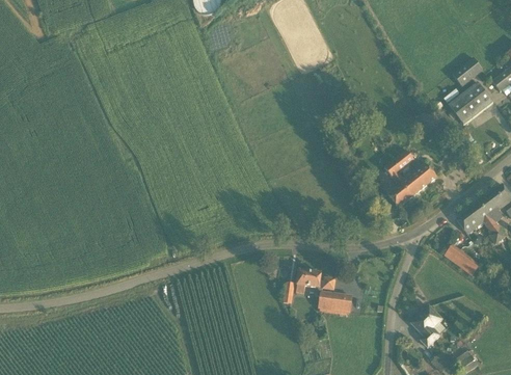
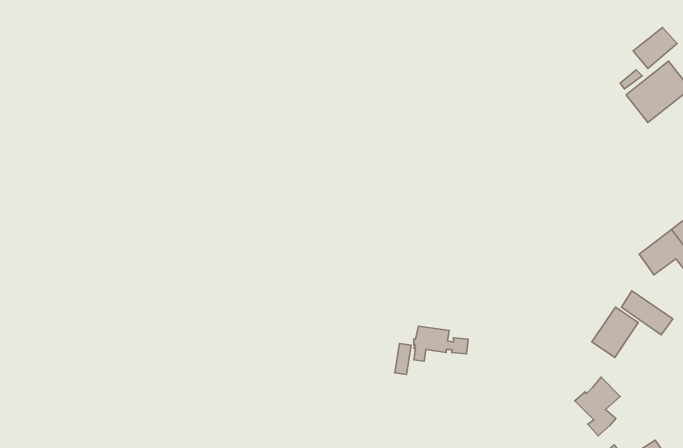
building: [384,149,436,207] -> none
building: none -> [592,307,638,357]
building: [318,291,351,312] -> none

